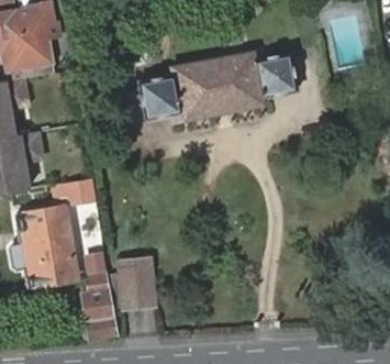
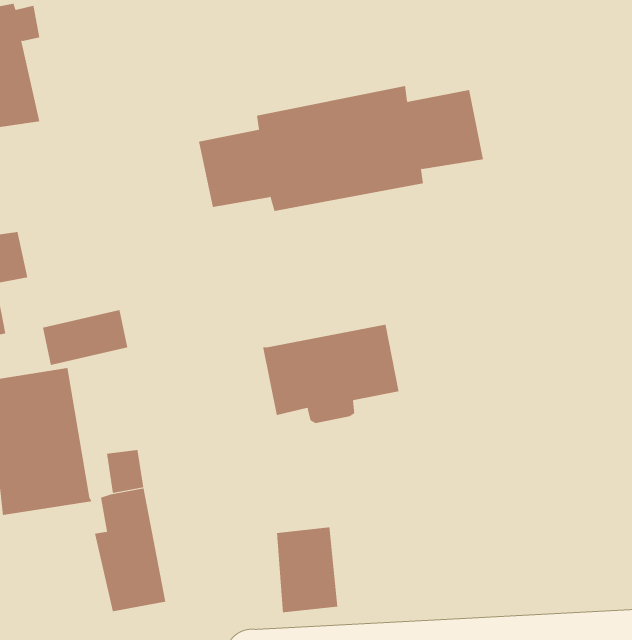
building: none -> [262,324,399,424]
building: [120,260,154,307] -> [276,527,338,613]

